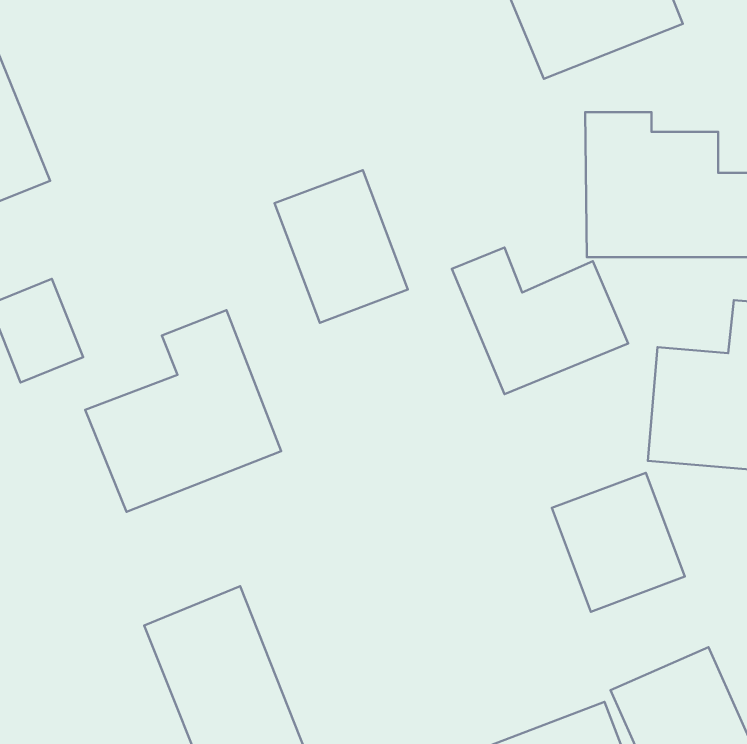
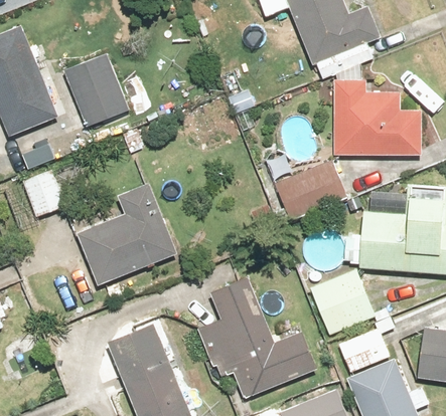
building: [275,170,408,323] -> [67,51,136,130]
building: none -> [195,278,315,399]

